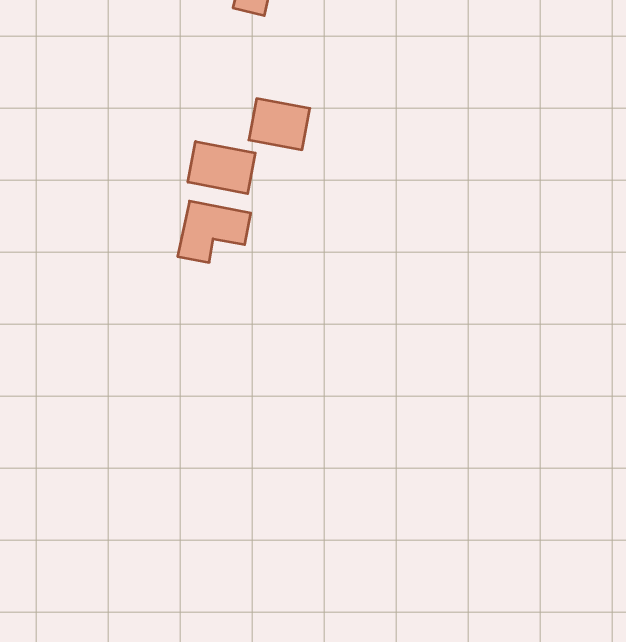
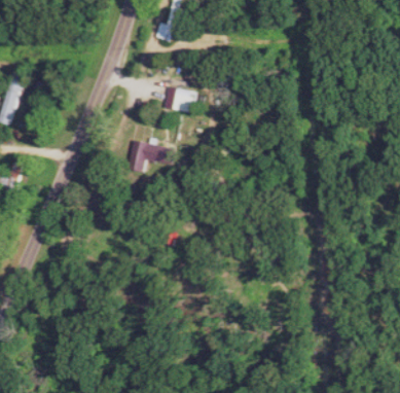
building: [188,141,255,194] -> none

